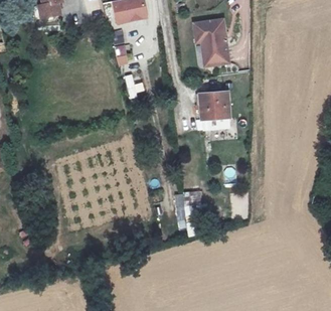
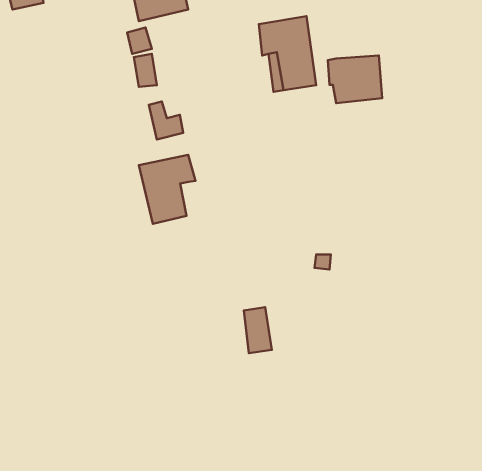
building: [196,94,229,123] -> [328,55,382,103]
building: none -> [139,155,196,224]

